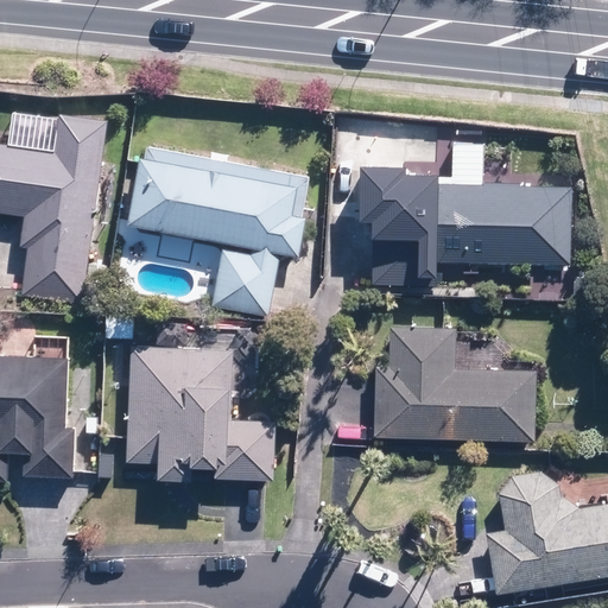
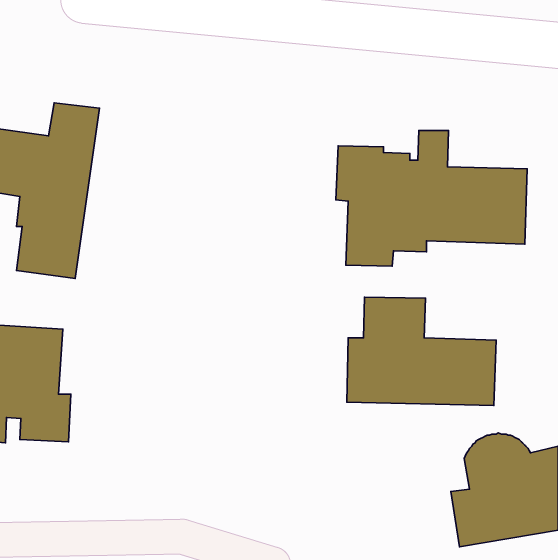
building: [129,146,308,318] -> none
building: [125,344,276,481] -> none

